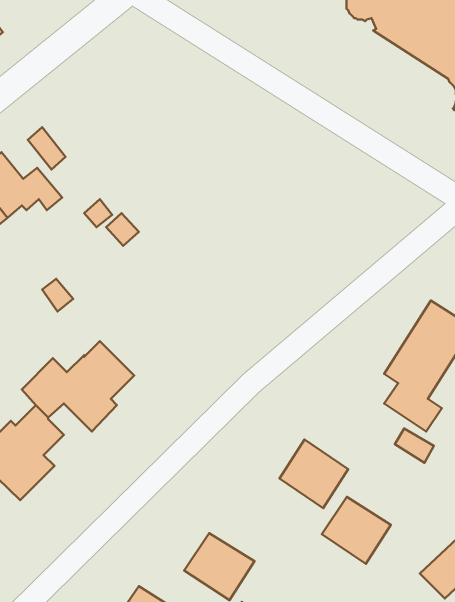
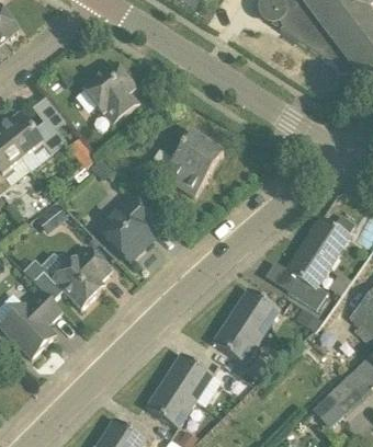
building: none -> [82,62,138,124]
building: none -> [148,130,223,196]
building: none -> [97,194,157,261]
building: none -> [163,353,213,400]
building: [322,497,391,564] -> [230,288,279,335]

